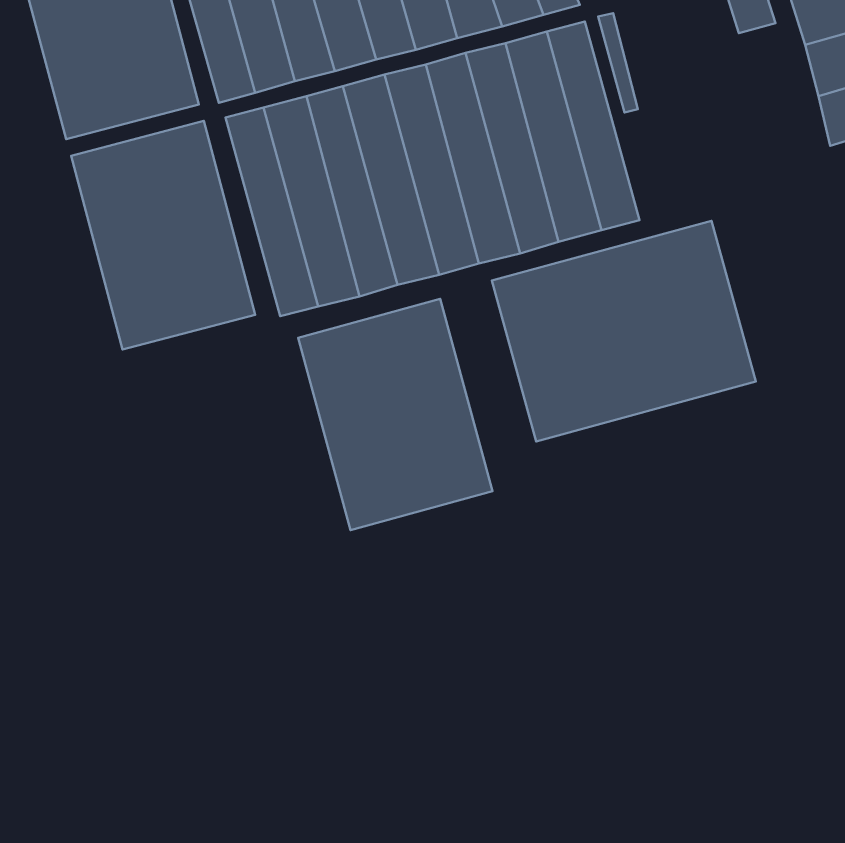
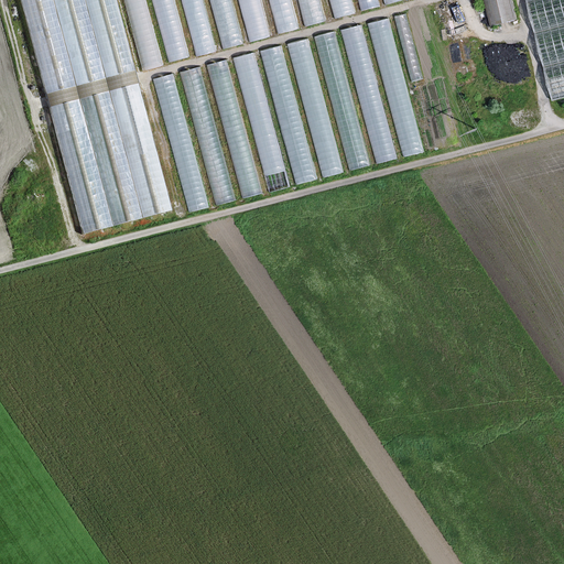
building: [492,221,756,441] -> none
building: [298,299,493,530] -> none

